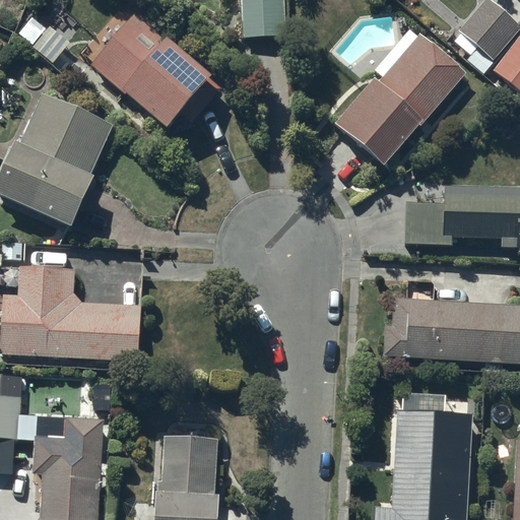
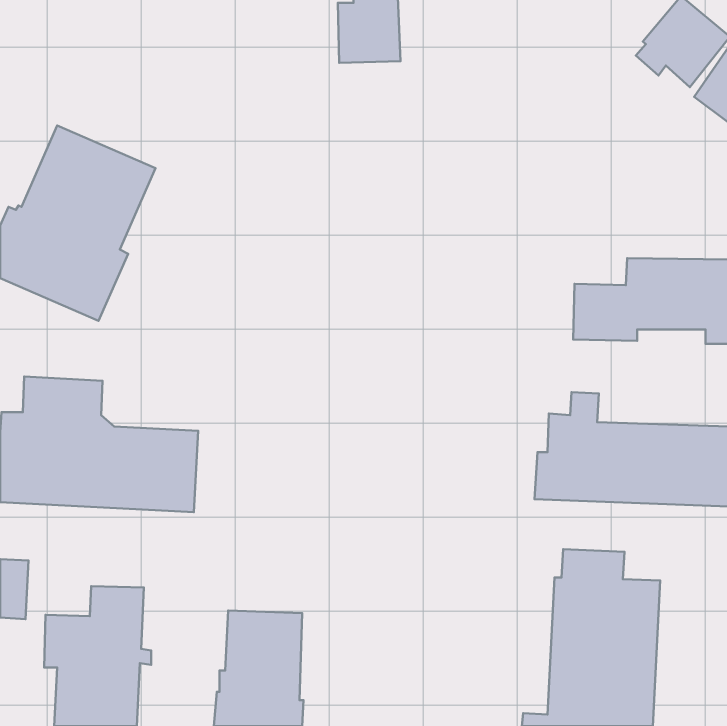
building: [92,10,220,132] -> none
building: [335,18,468,167] -> none

